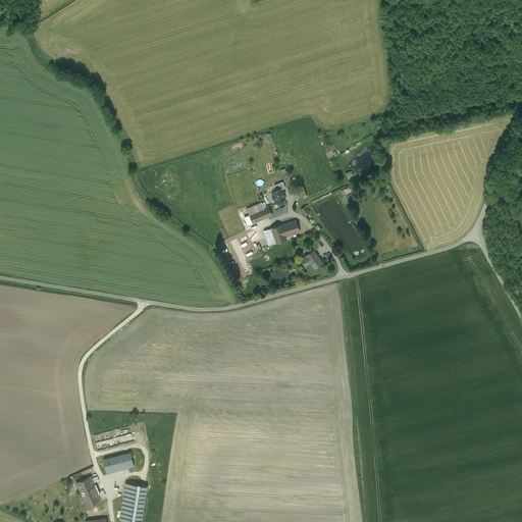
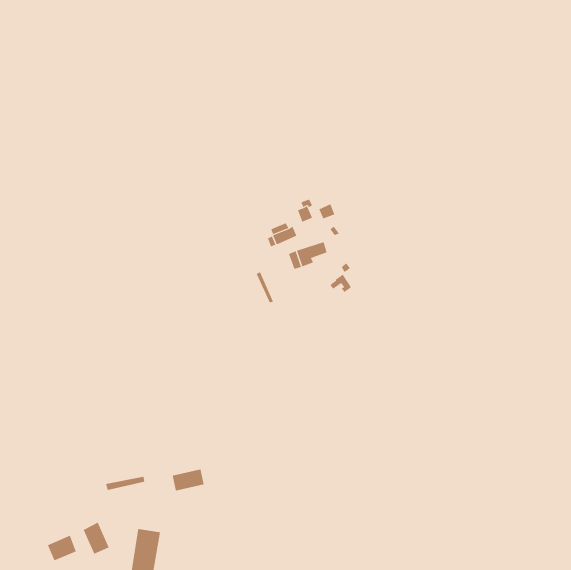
building: [103,454,133,474] -> [172,469,204,491]
building: none -> [47,535,77,561]

